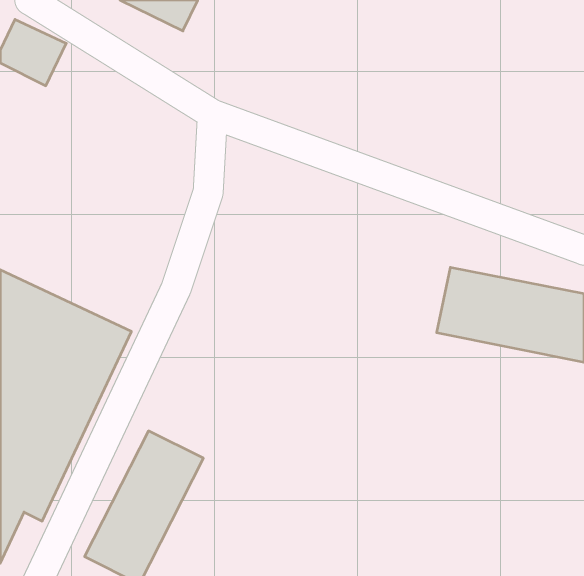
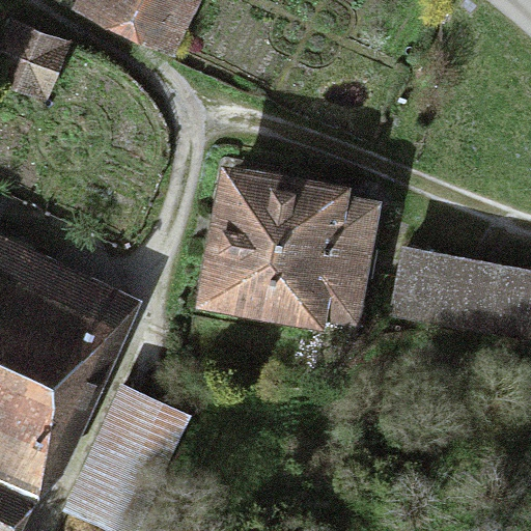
building: none -> [202,172,367,307]

